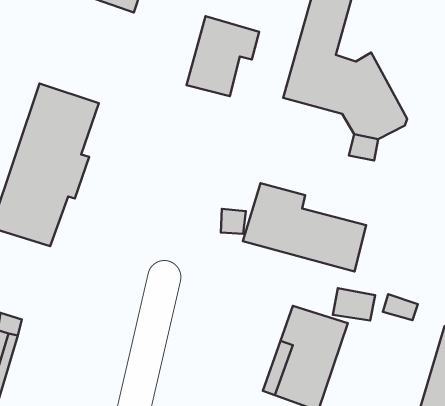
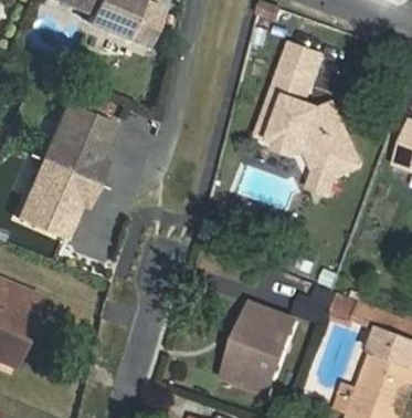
building: [187,16,259,96] -> none
building: [243,183,366,272] -> none

